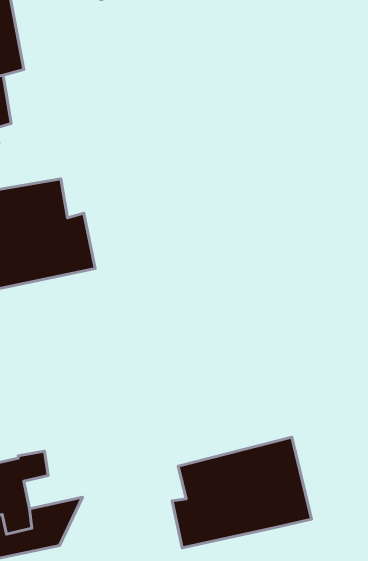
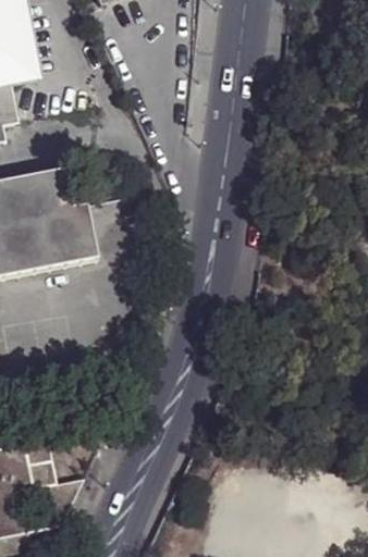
building: [172,437,311,548] -> none

